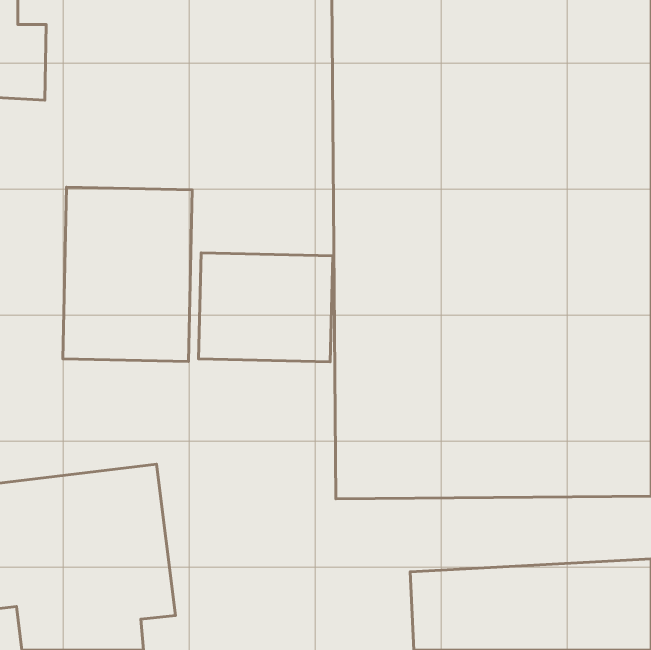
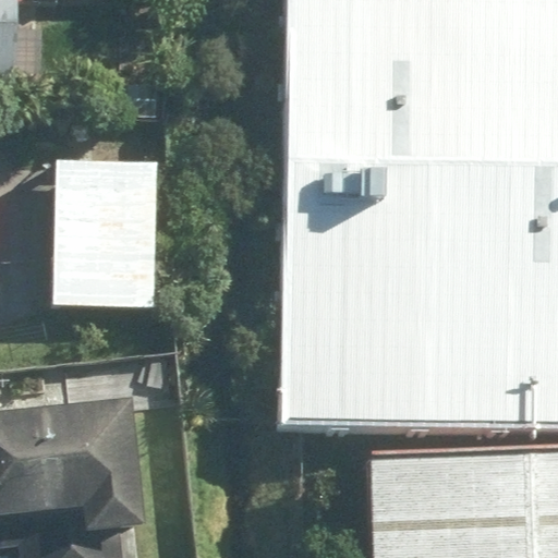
building: [199,253,333,362] -> none

